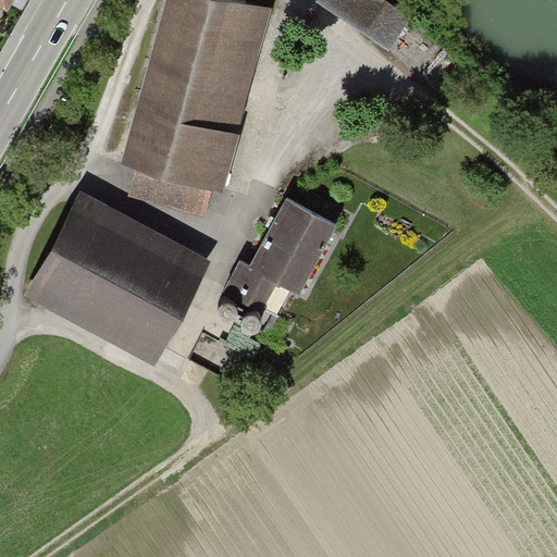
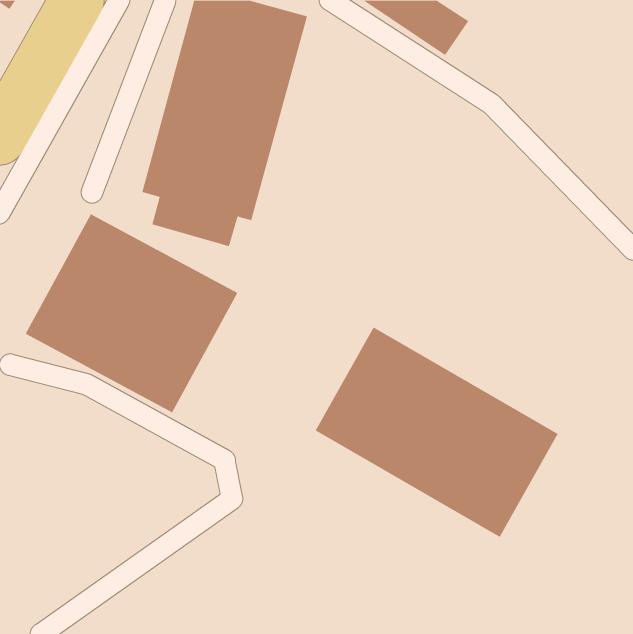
building: [222,199,337,313] -> none
building: none -> [315,327,559,538]

